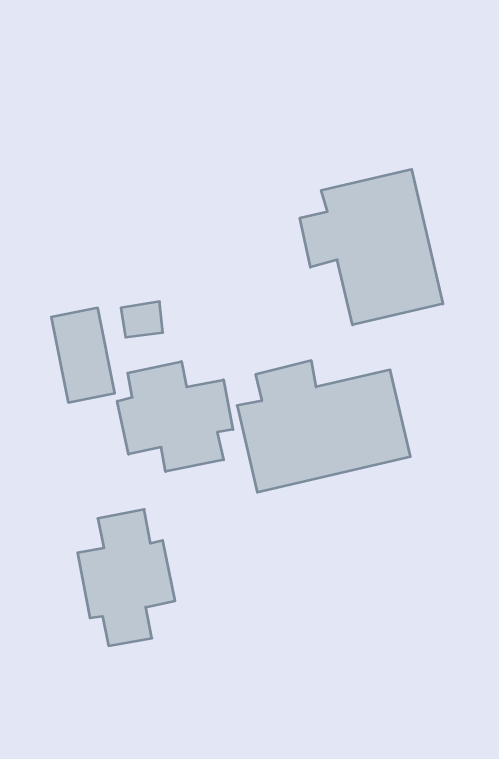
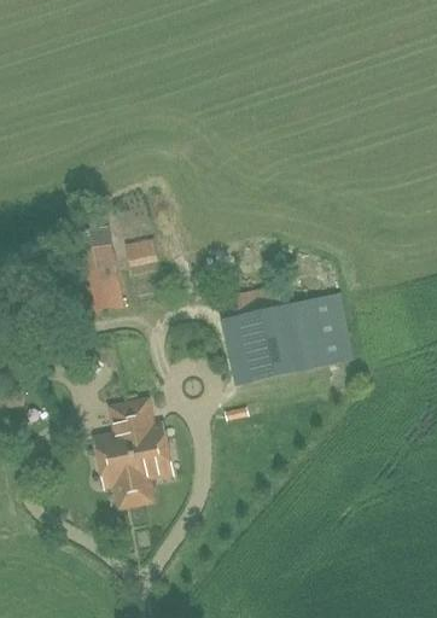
building: [300,169,443,325] -> none
building: [117,361,233,472] -> none

